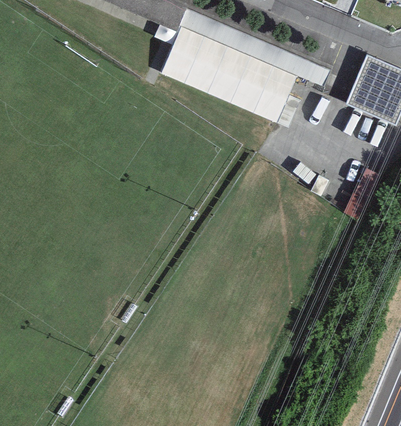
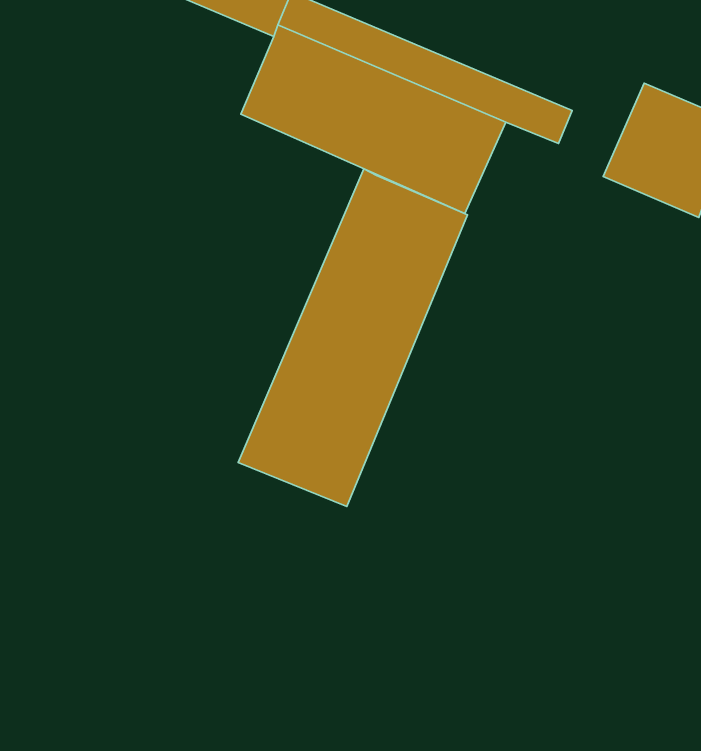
building: none -> [238,169,467,506]

